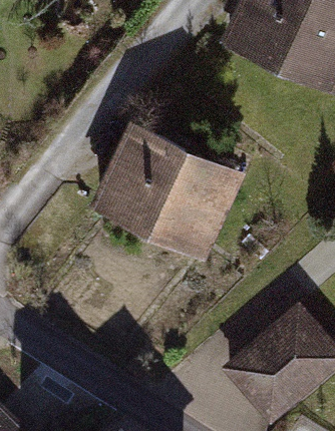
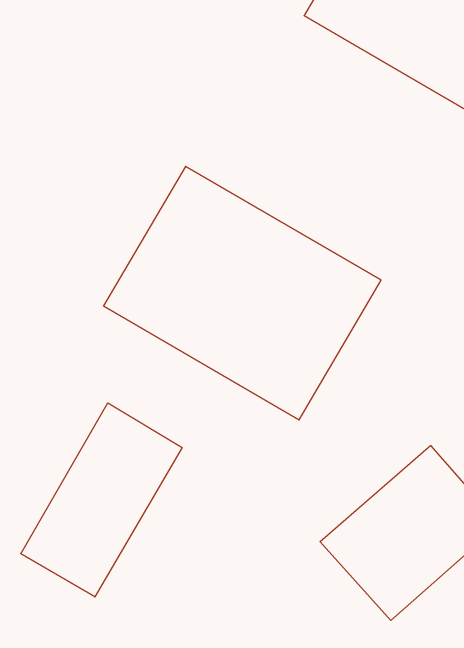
building: none -> [21,403,182,597]

